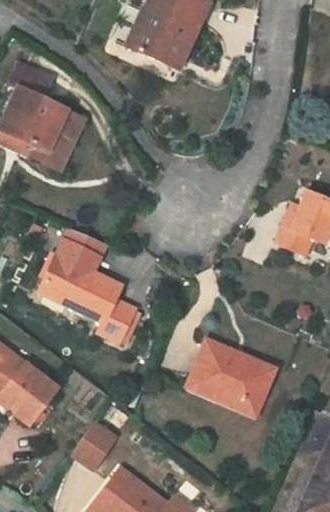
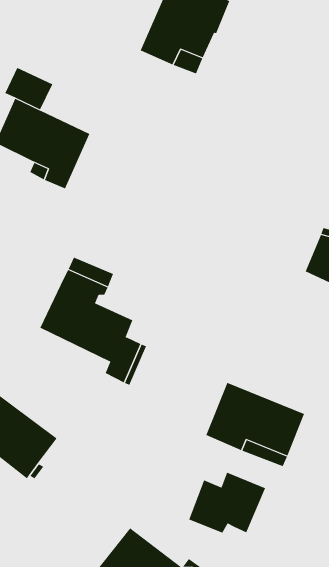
building: none -> [189,472,266,534]
building: [71,423,114,470] -> none

